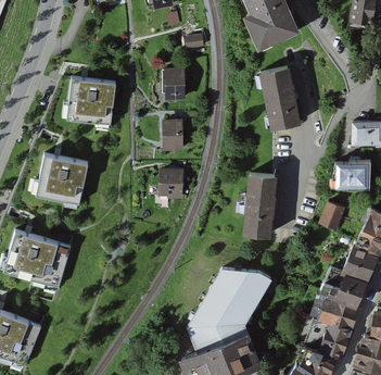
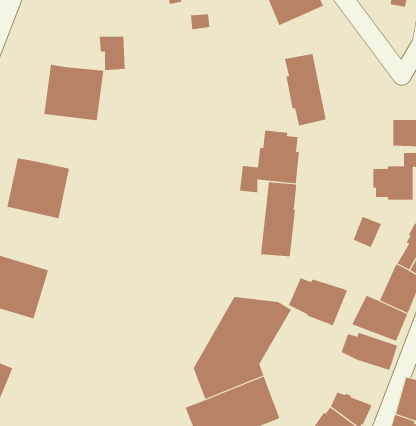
building: [163,70,185,98] -> [99,36,125,71]
building: [163,122,183,152] -> none
building: none -> [240,130,300,193]
building: [160,171,182,200] -> none
building: [304,318,353,359] -> [288,277,348,326]

